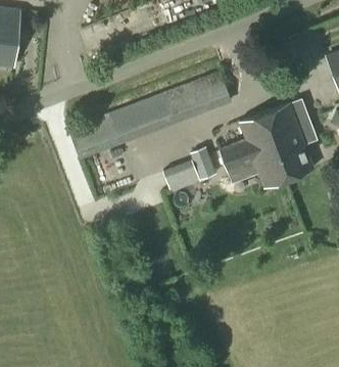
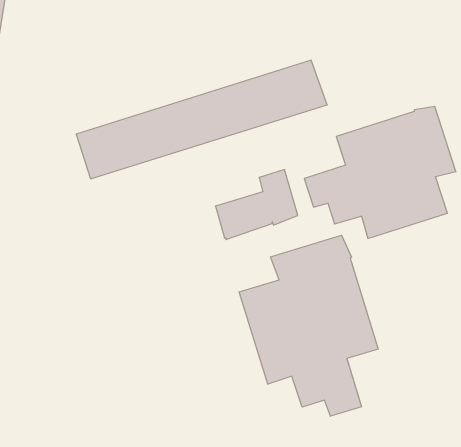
building: none -> [239,235,378,416]

